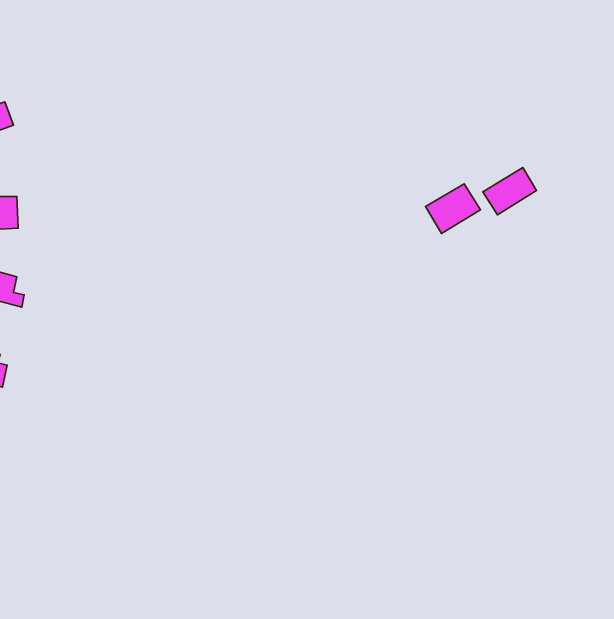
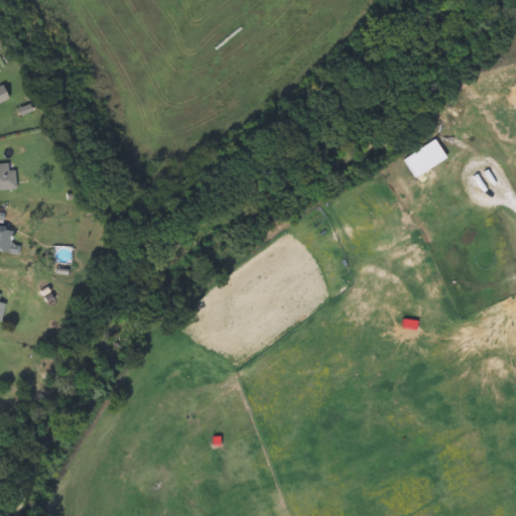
building: [426,184,481,234] -> none

